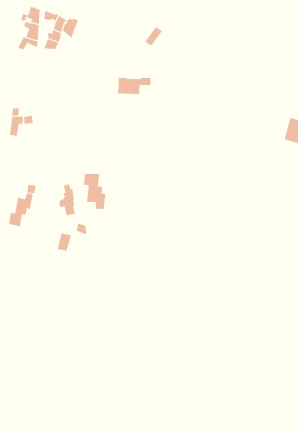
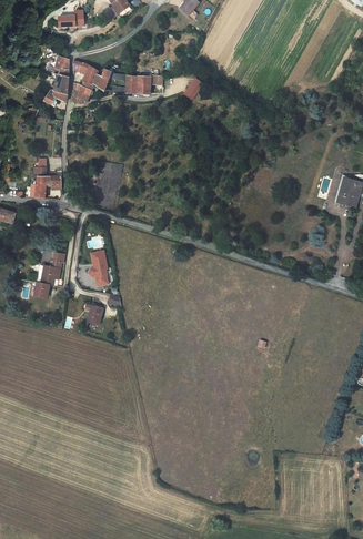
building: [117,78,151,95] -> [124,75,162,94]
building: [83,173,106,210] -> none

